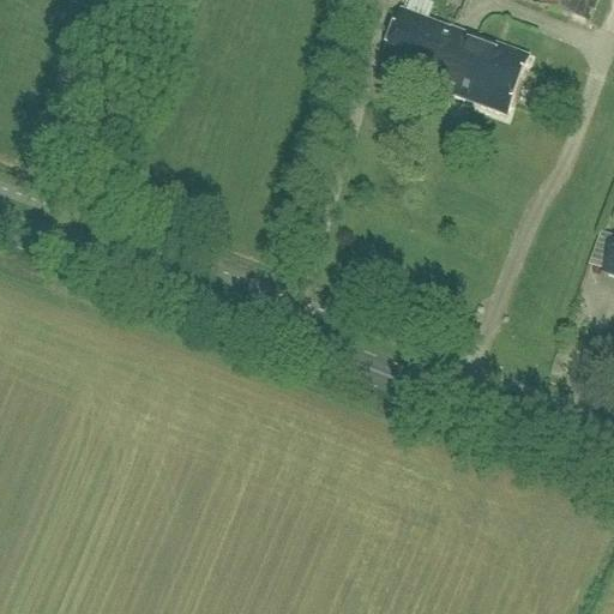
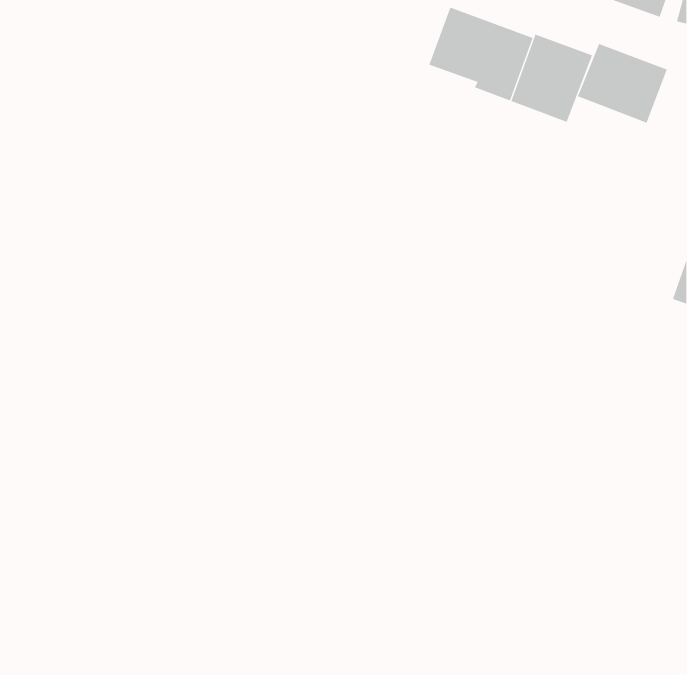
building: none -> [577,43,667,124]

